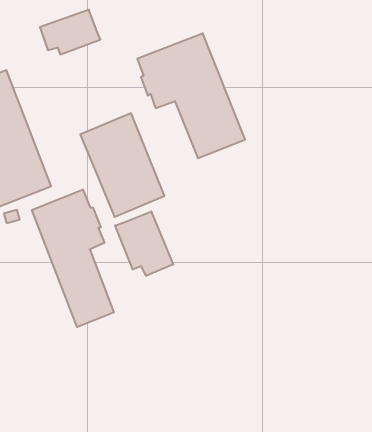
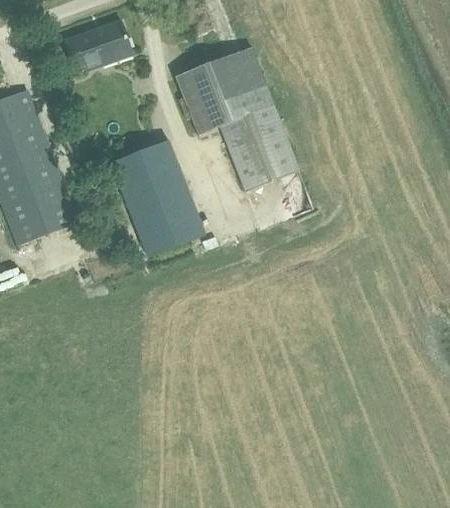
building: [32,189,114,327] -> none
building: [115,211,173,276] -> none

